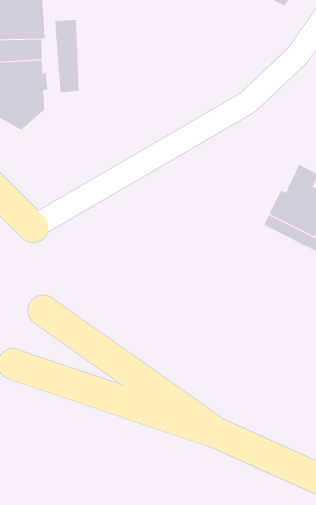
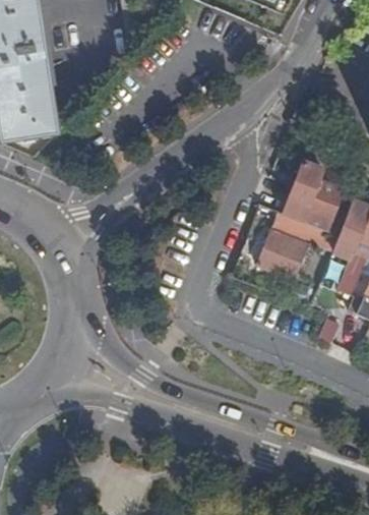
building: [55,19,79,93] -> none
building: none -> [261,228,310,277]

